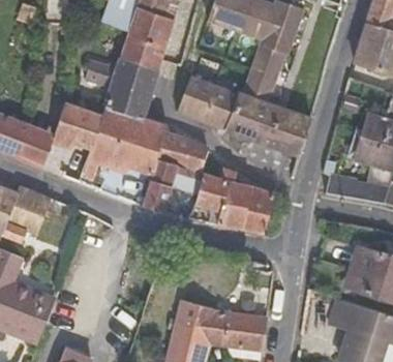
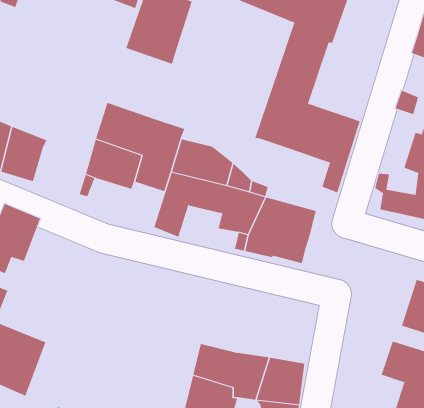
building: [84,53,157,116] -> none
building: [177,73,238,131] -> none
building: [52,101,100,151] -> none

